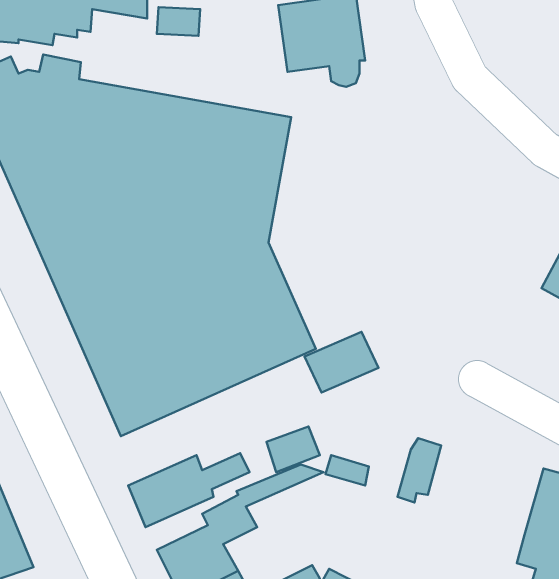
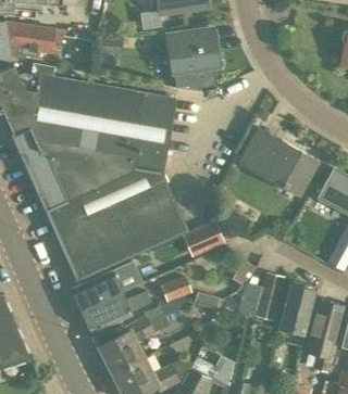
building: none -> [237,140,319,196]
building: none -> [72,264,138,309]
building: none -> [256,272,285,321]
building: none -> [278,284,314,333]

